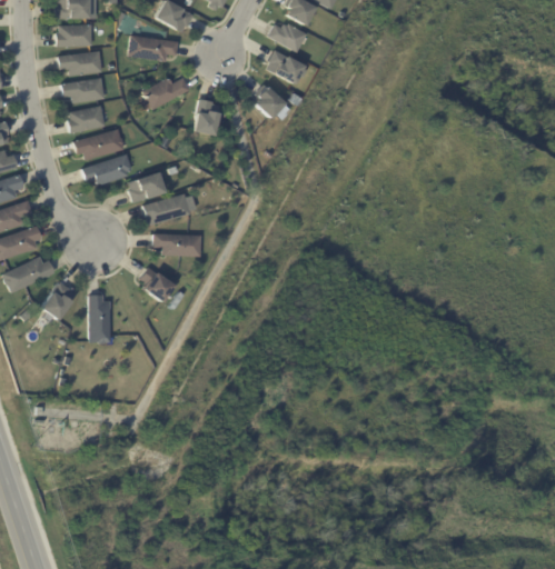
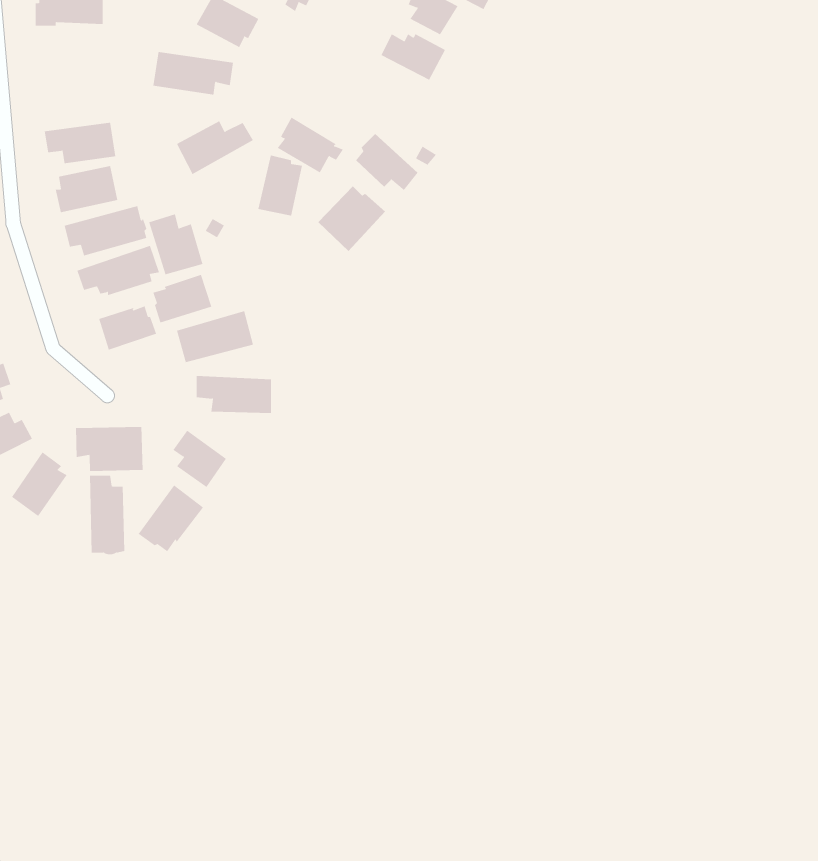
building: [56,23,93,47] -> none
building: [267,49,308,83] -> [277,117,344,173]
building: [58,51,103,76] -> none
building: none -> [317,185,386,252]
building: none -> [149,214,203,275]
building: none -> [98,305,157,350]
building: none -> [75,426,143,472]
building: none -> [138,484,204,552]

